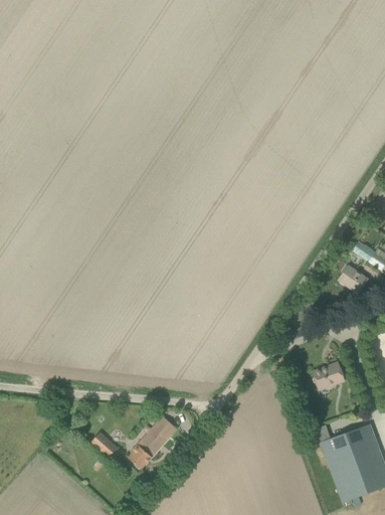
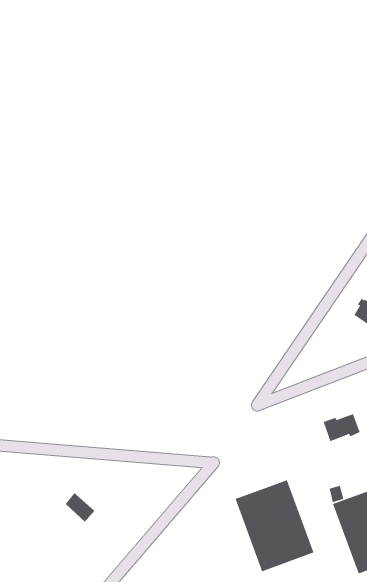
building: [129,416,176,469] -> none
building: none -> [235,479,314,572]

